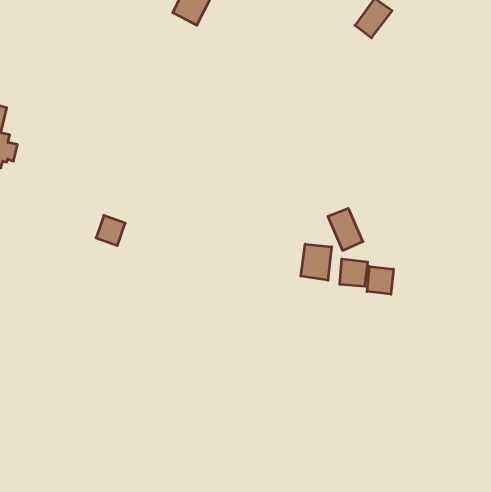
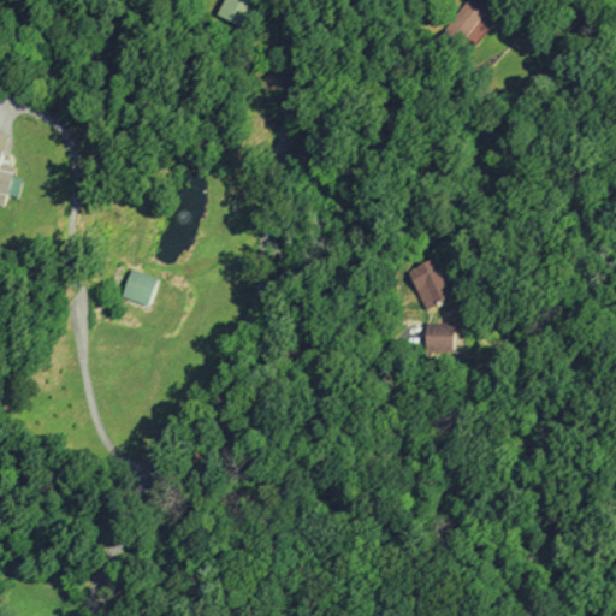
building: [301,244,332,280] -> none
building: [367,266,393,294] -> none

